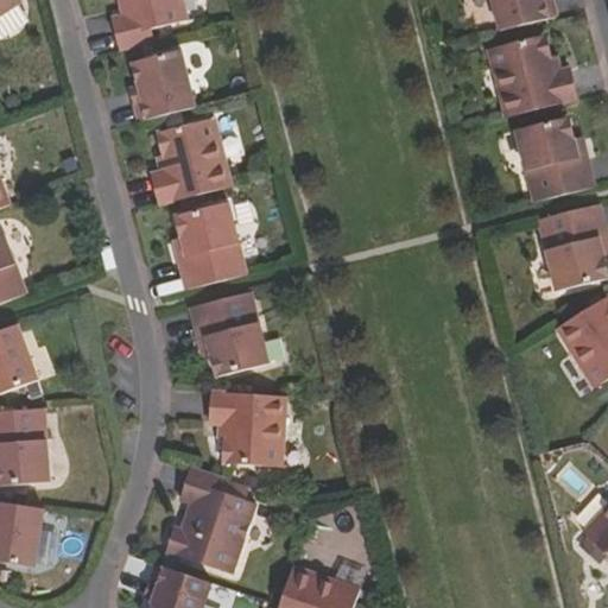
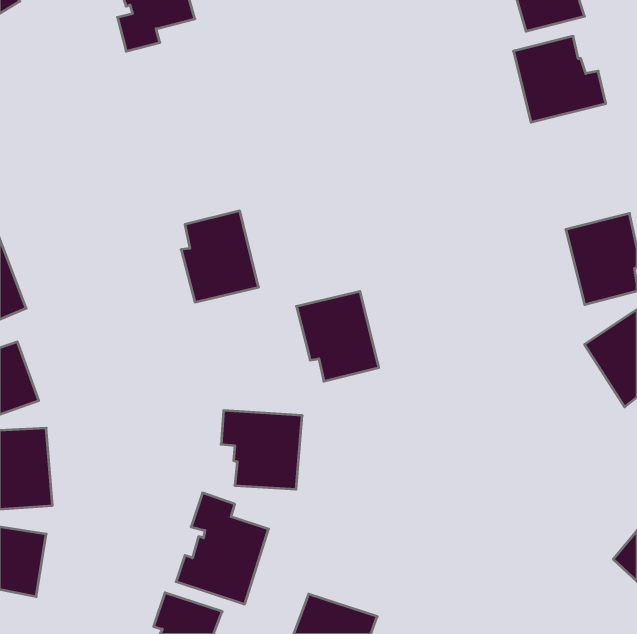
building: [129,49,194,120] -> none
building: [151,116,230,204] -> none
building: [515,116,593,201] -> none
building: [190,291,268,376] -> [296,291,379,381]

